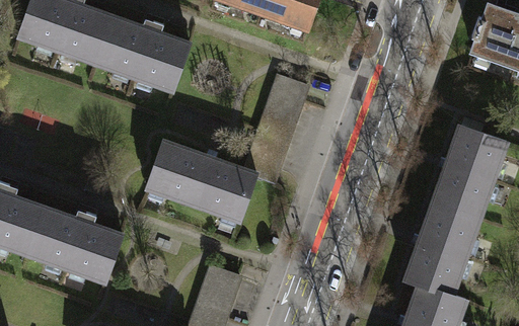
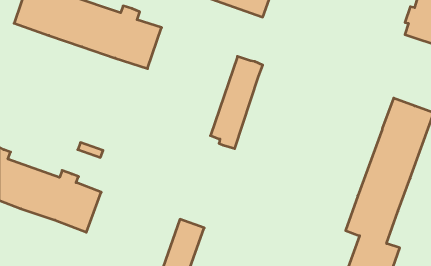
building: [146,141,257,222] -> none

